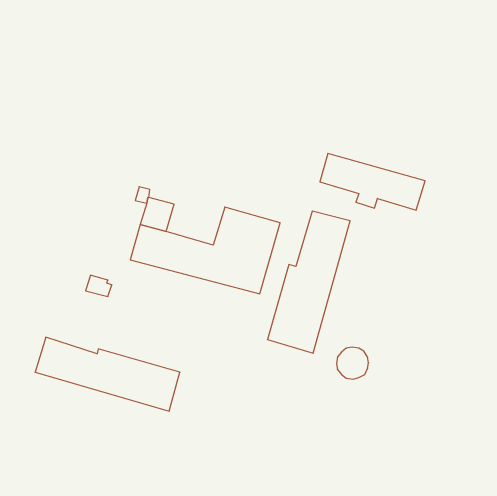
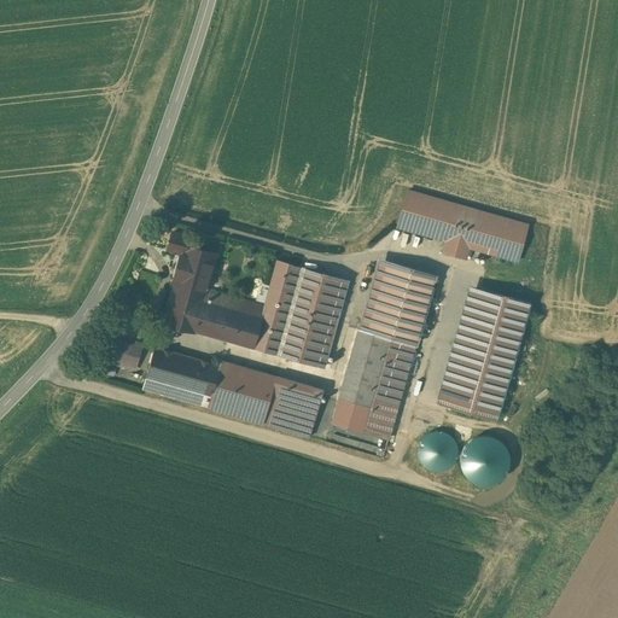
building: none -> [447,288,527,420]
building: [35,337,180,411] -> [142,346,322,438]
building: none -> [466,443,505,482]

